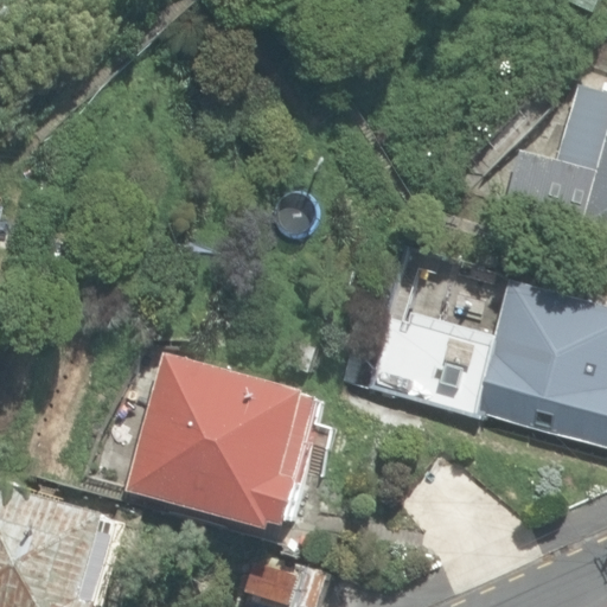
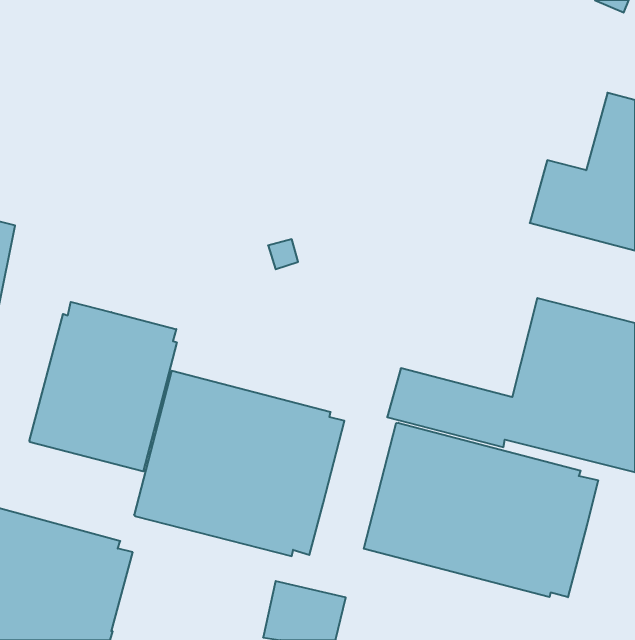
building: none -> [30,302,177,471]
building: none -> [364,423,598,597]

